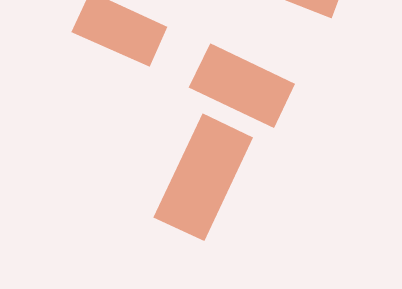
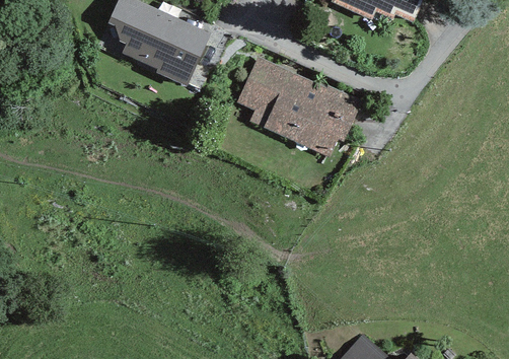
building: [152,112,254,242] -> none

